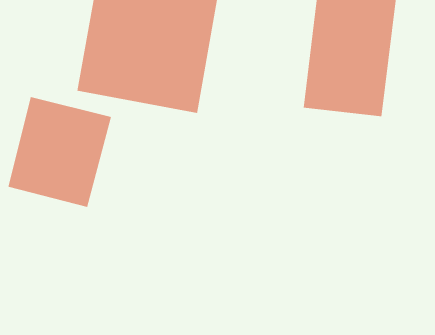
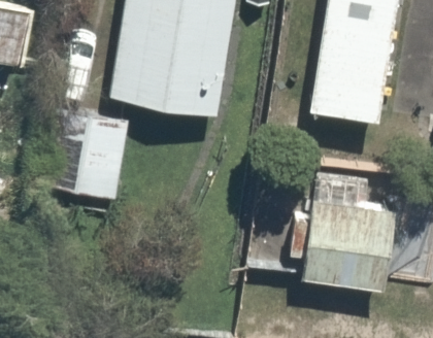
building: none -> [311,171,400,285]

